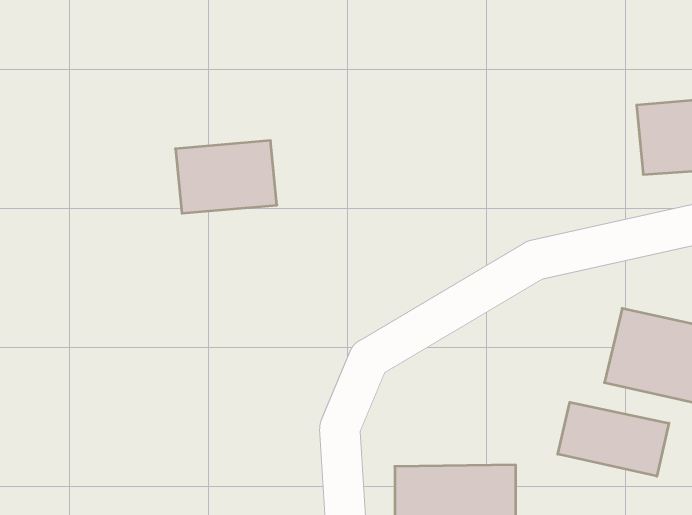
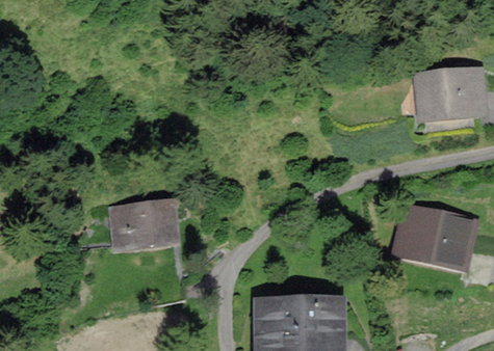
building: [175,141,277,213] -> [112,200,178,247]
building: [558,402,669,476] -> none

